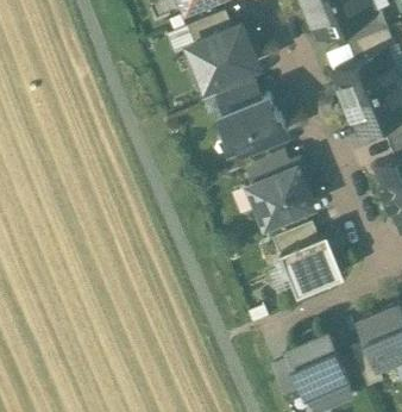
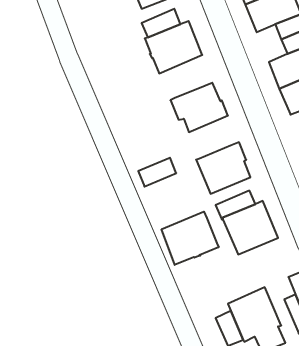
building: [218,83,260,116] -> none
building: [246,152,290,186] -> [138,158,176,187]
building: none -> [162,212,219,265]

